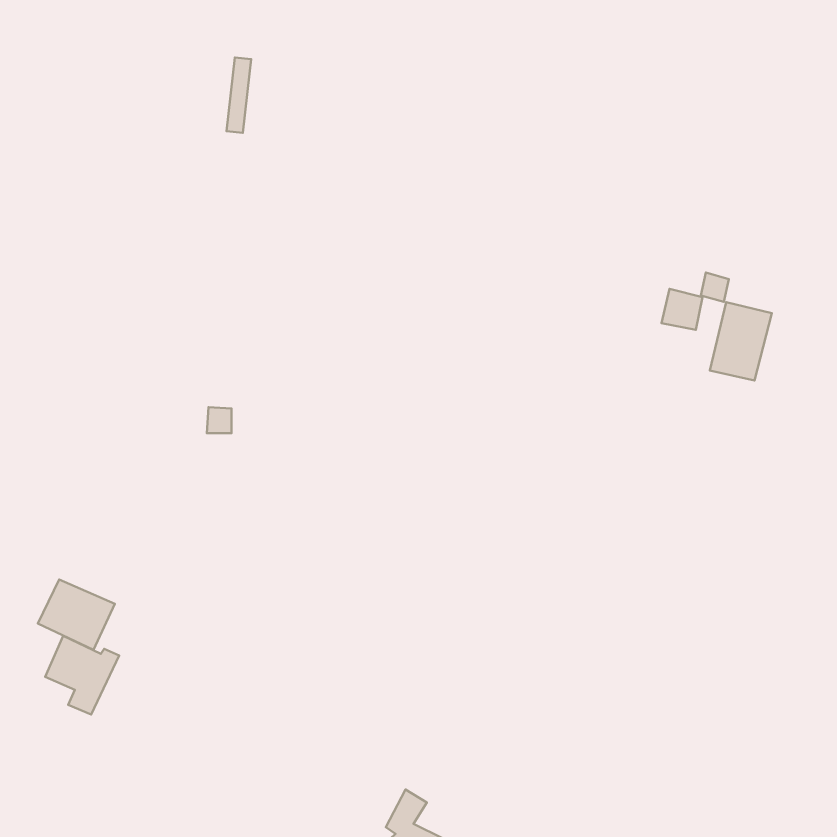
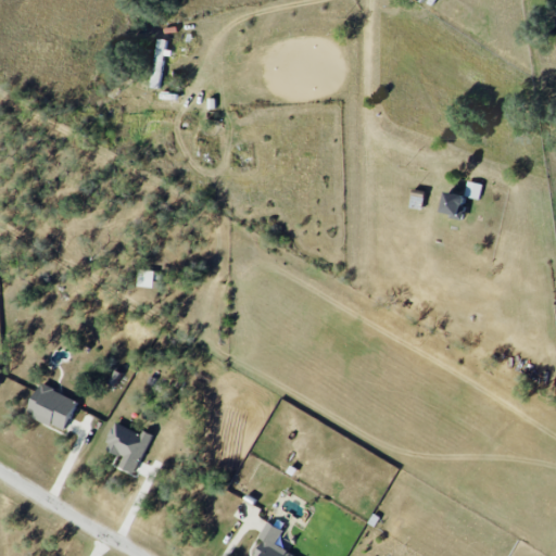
building: [710,302,772,381] -> none
building: [45,636,119,715] -> [103,422,152,475]

